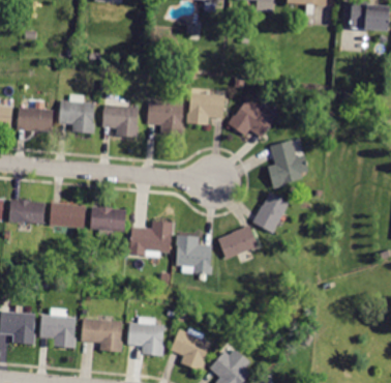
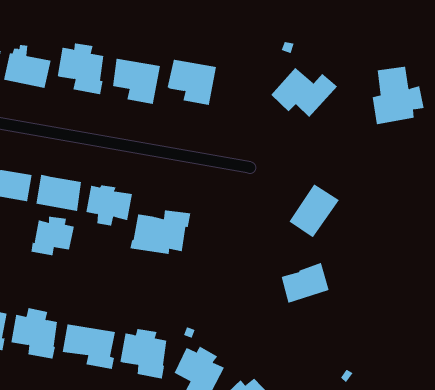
building: [187,87,225,125] -> none
building: [267,140,309,188] -> [372,66,425,125]
building: [218,225,258,260] -> [281,262,329,304]
building: none -> [31,216,74,256]
building: [176,235,212,274] -> none

